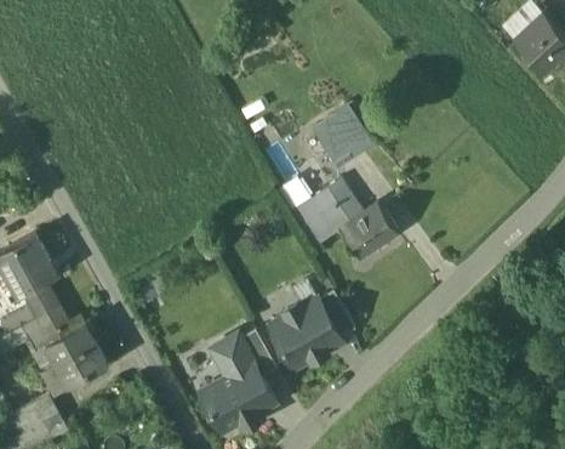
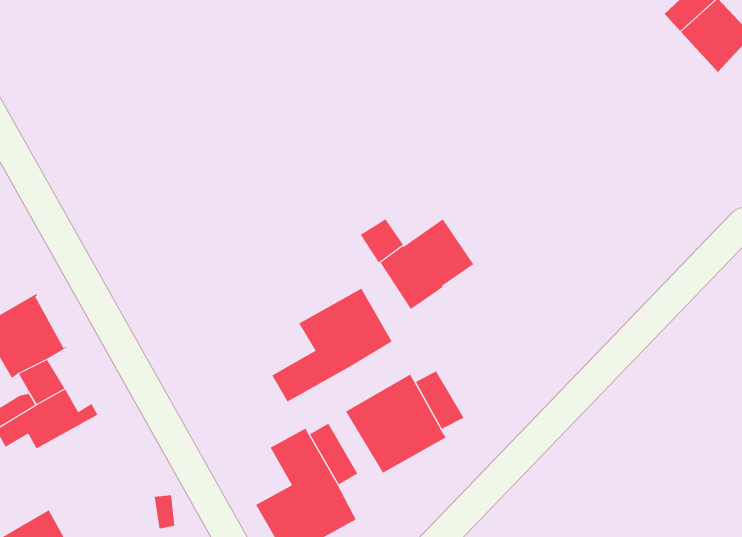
building: [312,106,372,169] -> none
building: [341,203,399,258] -> none
building: none -> [271,288,393,403]
building: [34,323,109,394] -> none

